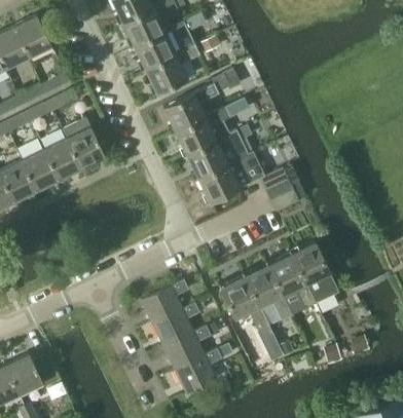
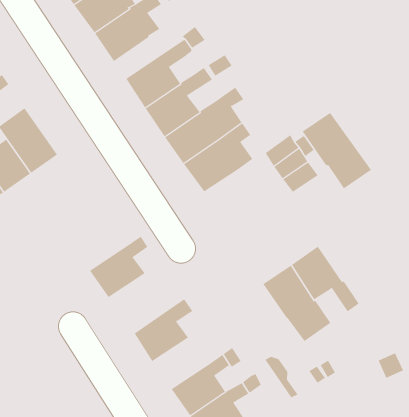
building: [290,244,338,304] -> [302,112,372,189]
building: [220,278,268,332] -> none
building: [151,304,198,347] -> [89,236,148,298]

